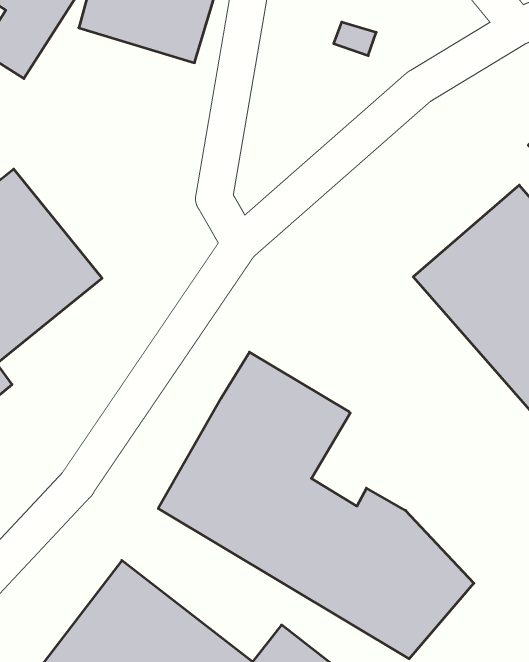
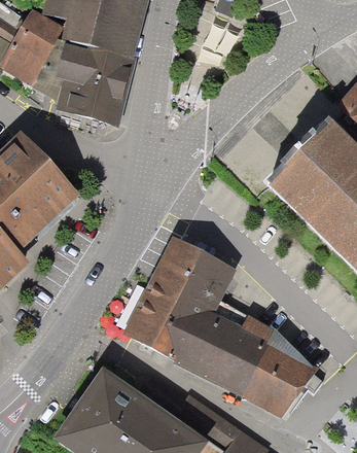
building: none -> [50,44,131,127]

